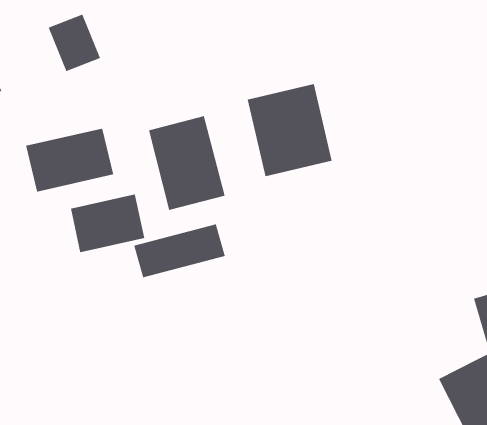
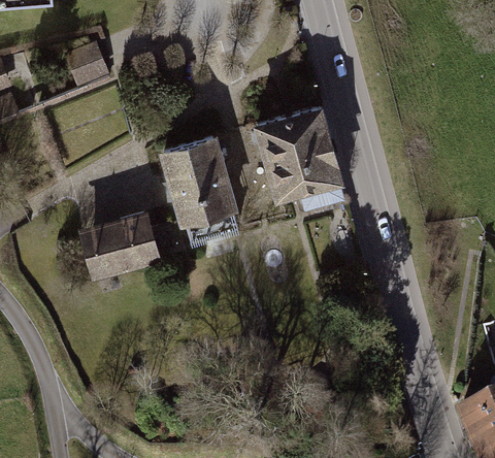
building: [25,128,114,192] -> none
building: [134,223,226,278] -> none

